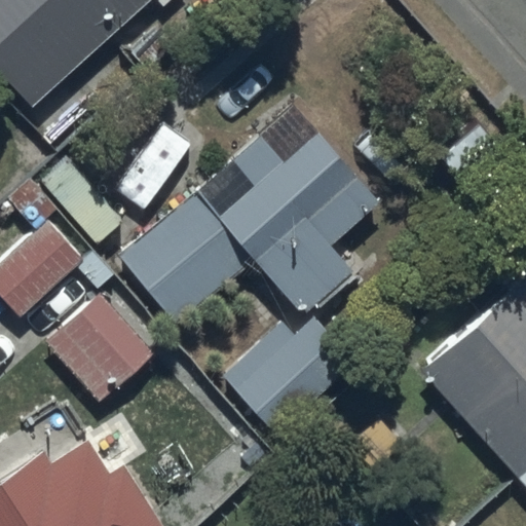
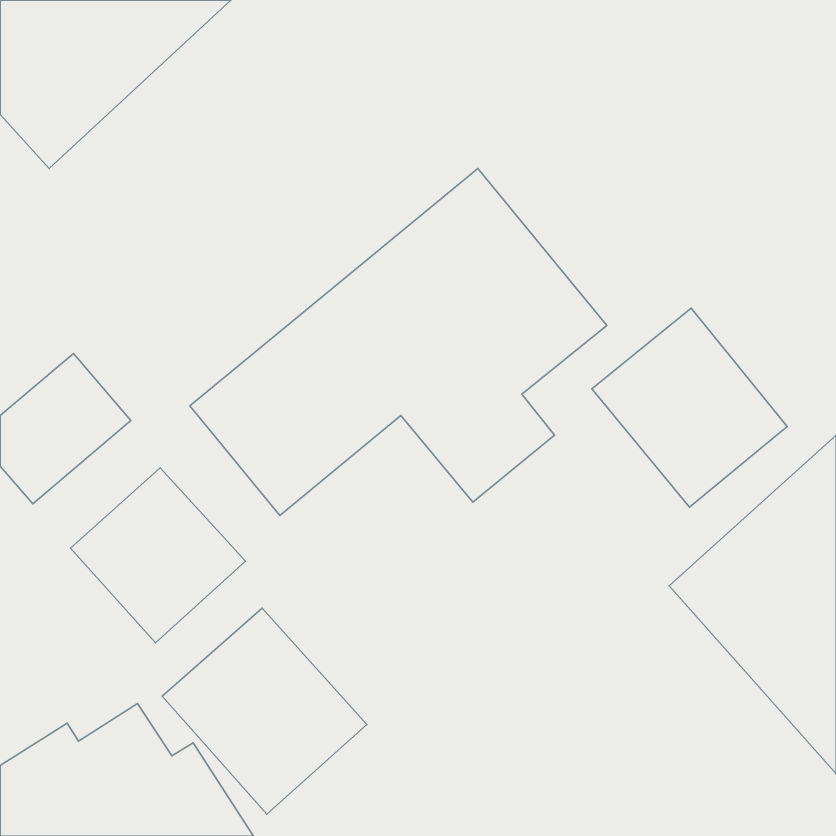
building: none -> [592,308,787,507]
building: [220,317,354,436] -> none
building: none -> [162,608,367,814]

